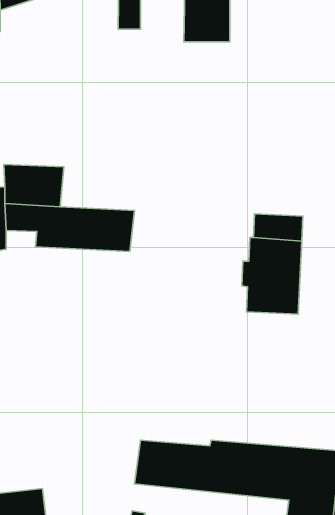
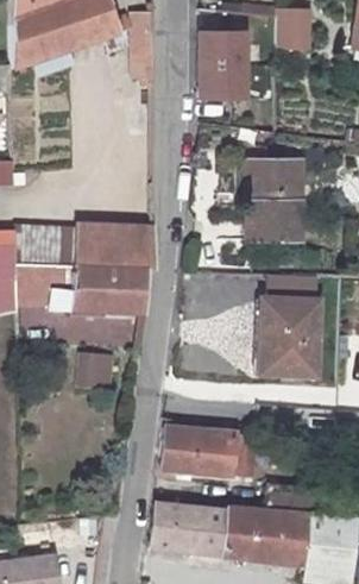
building: none -> [250,164,307,245]
building: none -> [74,226,155,270]
building: none -> [74,352,113,387]
building: none -> [159,427,257,475]

